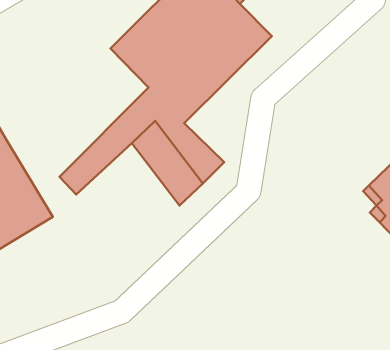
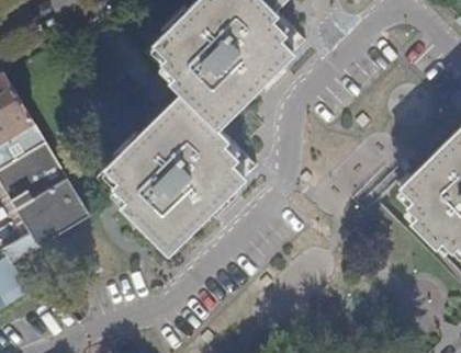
building: none -> [112,145,214,251]

